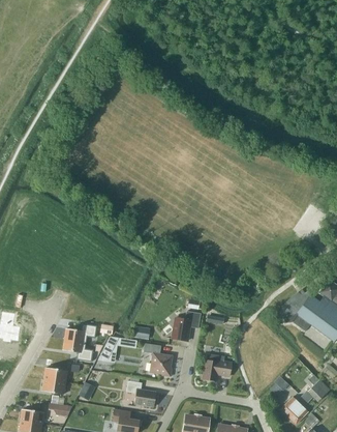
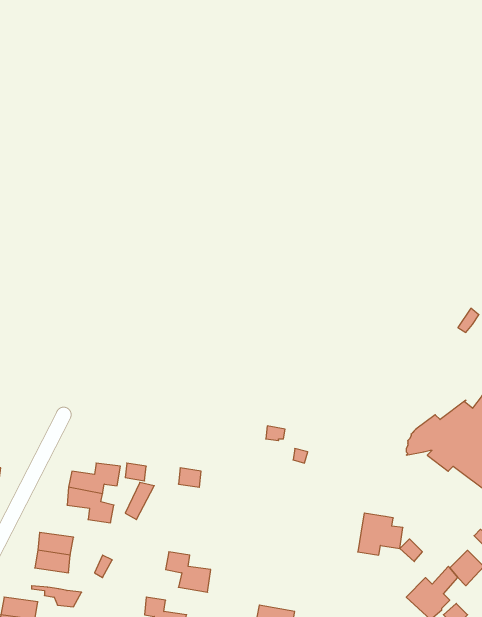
building: [172,311,201,341] -> none
building: [144,343,173,377] -> none
building: [203,353,232,380] -> [358,513,403,555]

